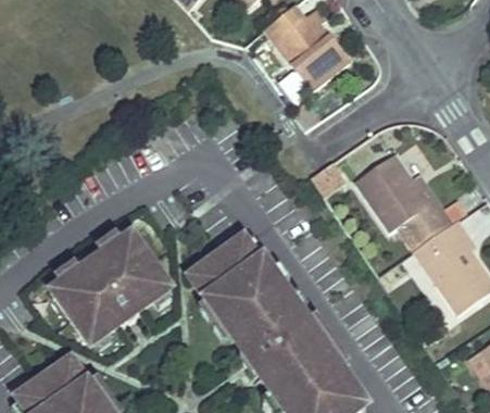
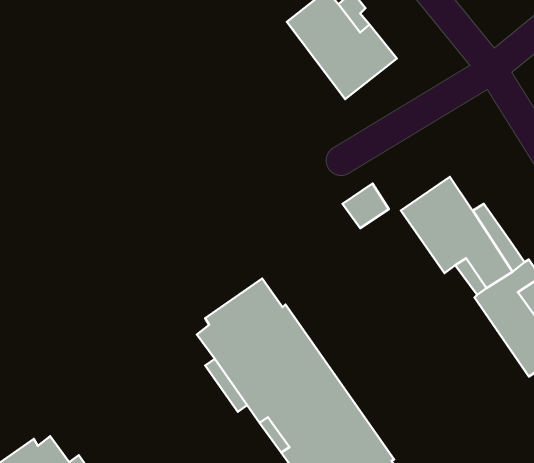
building: [50,233,169,345] -> none

